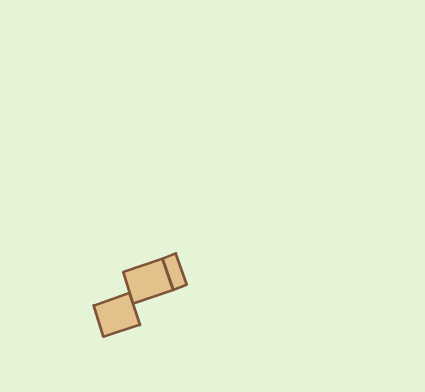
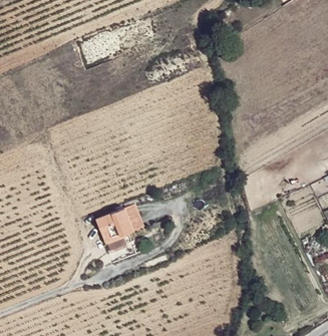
building: [94,293,140,337] -> none

